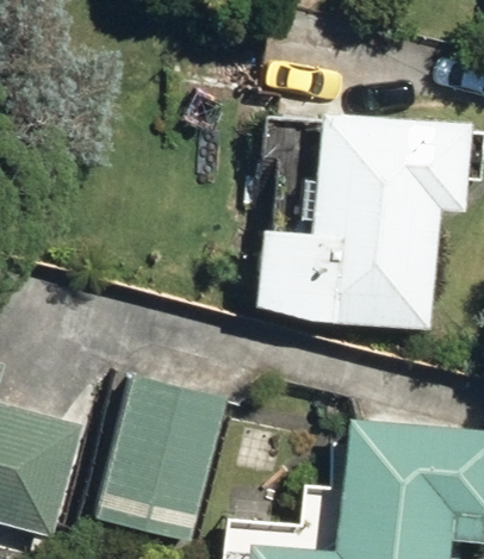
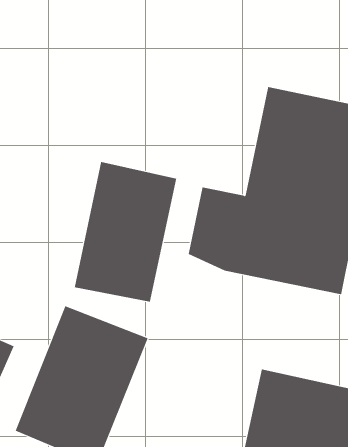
building: none -> [74,161,177,303]

